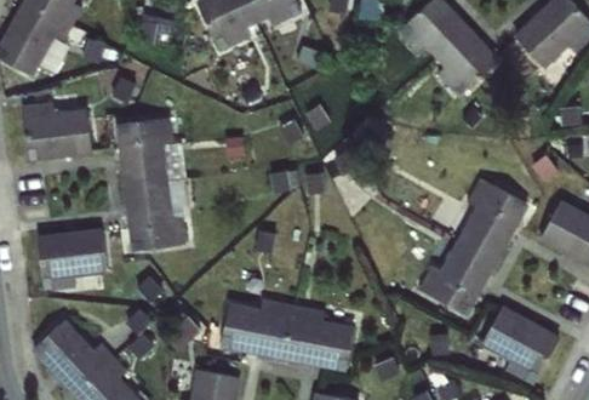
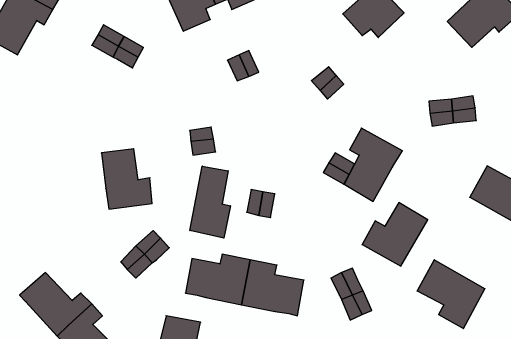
building: [436,29,496,97] -> none
building: [19,103,92,158] -> none
building: [119,118,171,187] -> none
building: [461,179,526,262] -> [344,128,402,201]
building: none -> [190,166,230,238]
building: [35,230,107,290] -> none

